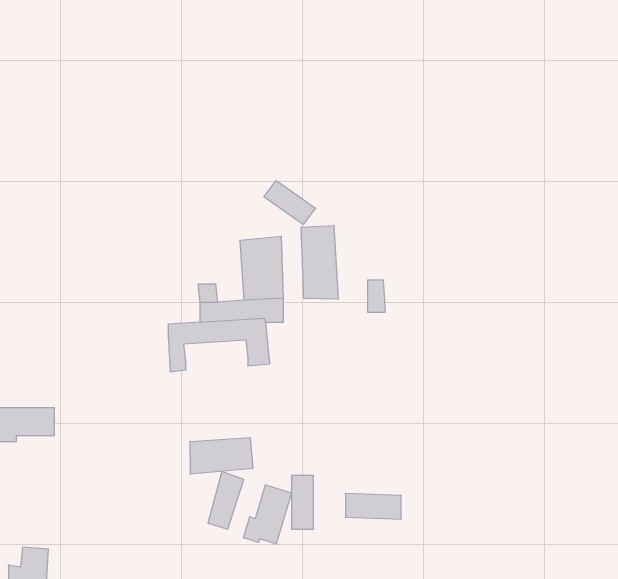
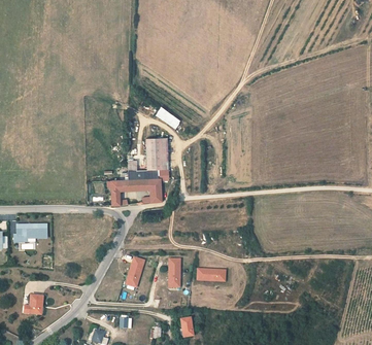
building: [301,225,338,299] -> none
building: [190,438,253,474] -> none
building: [243,485,292,544] -> none

